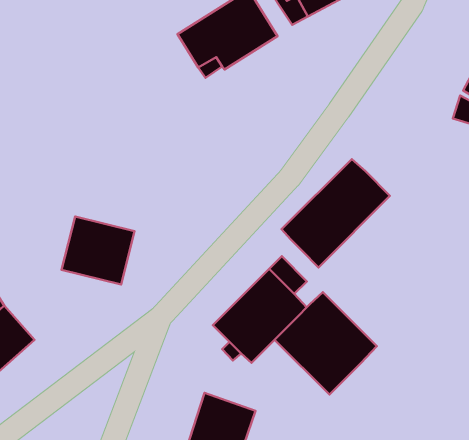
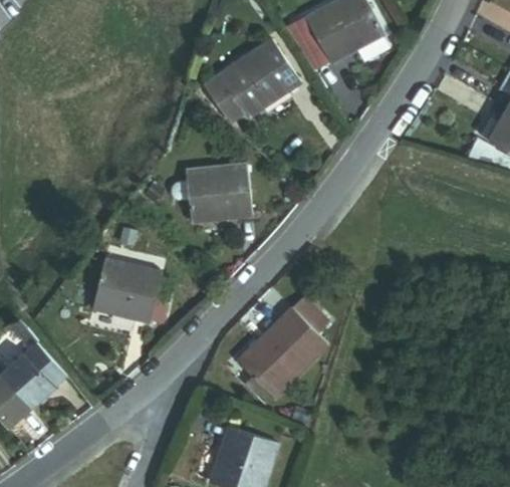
building: none -> [186,164,251,221]
building: [282,159,390,267] -> none
building: [275,292,377,394] -> none

